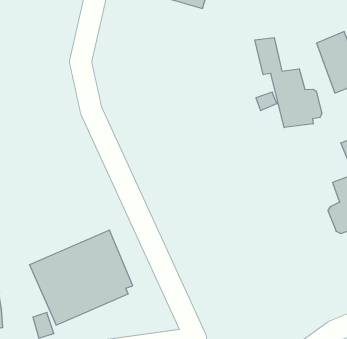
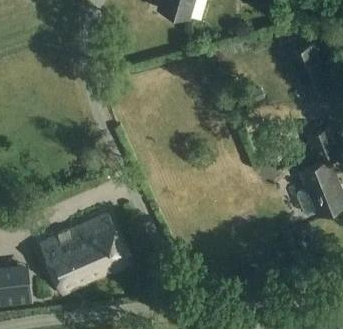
building: [255,38,322,128] -> none

